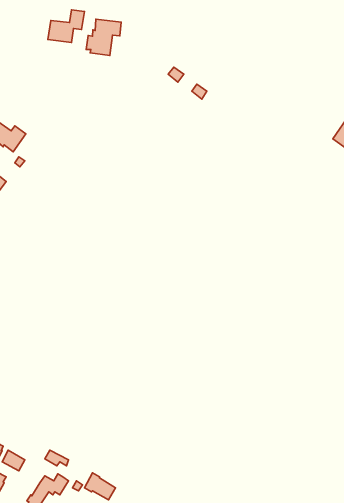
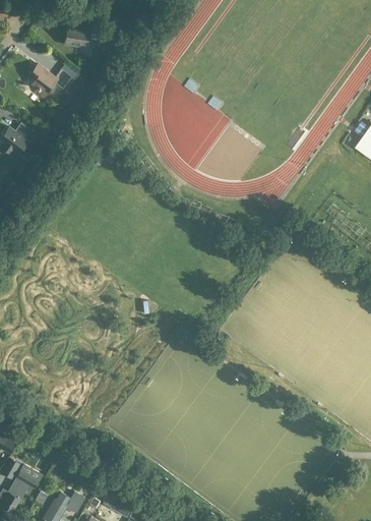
building: [86,19,121,55] -> none
building: none -> [27,64,71,99]

